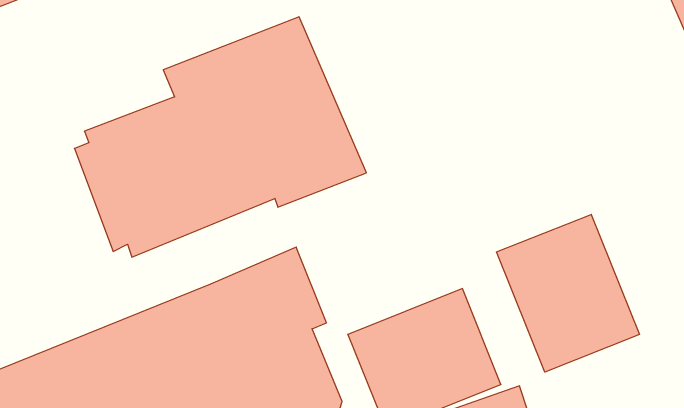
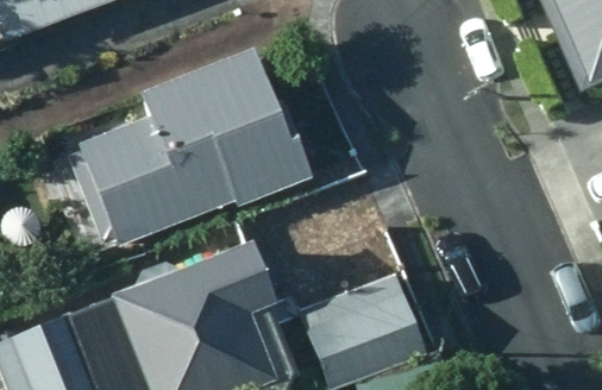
building: [497,214,639,372] -> none

